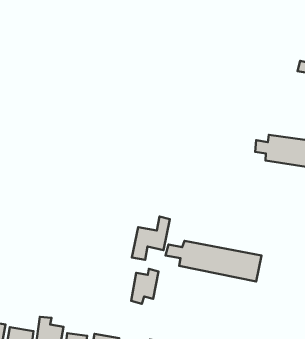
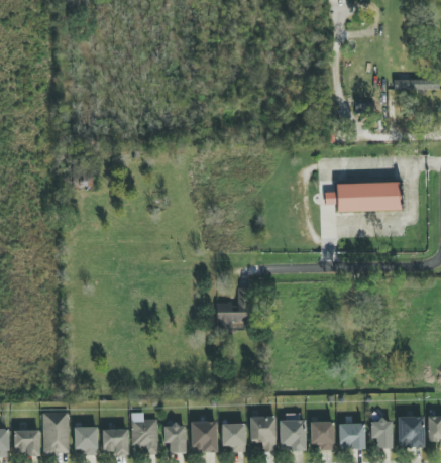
building: [166,241,262,281] -> none
building: [131,269,159,304] -> none

